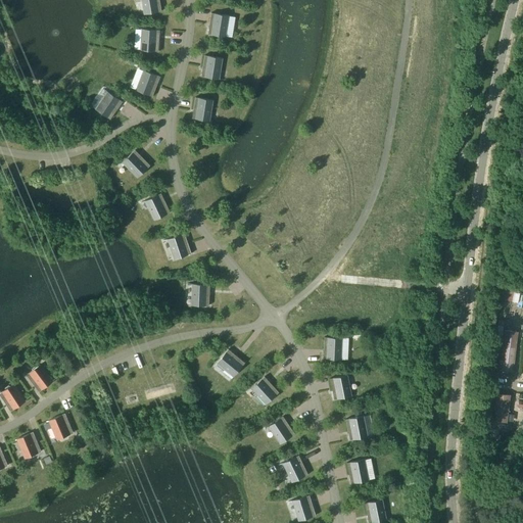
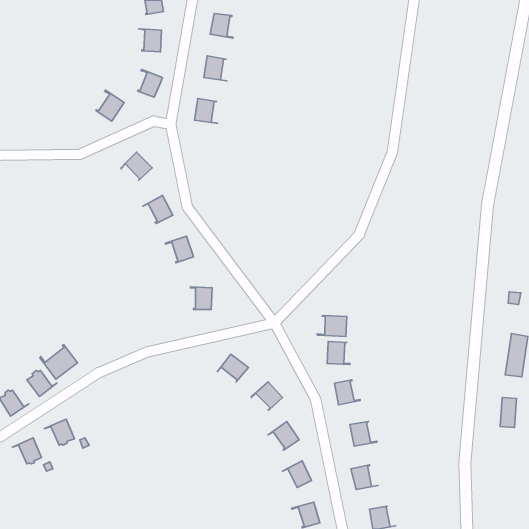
building: none -> [317,316,347,336]
building: none -> [40,345,77,379]

